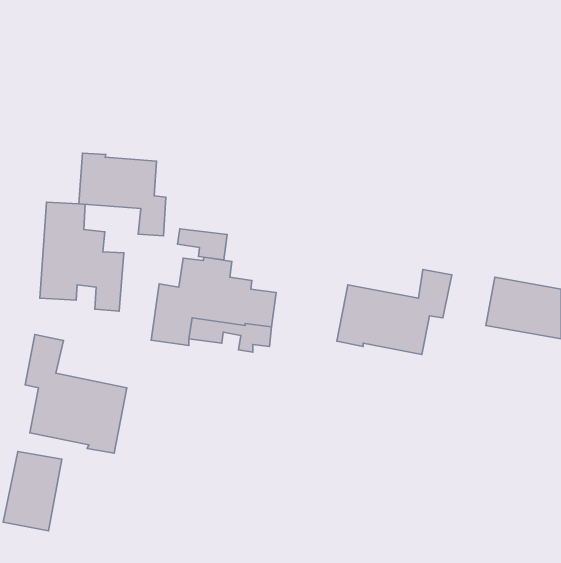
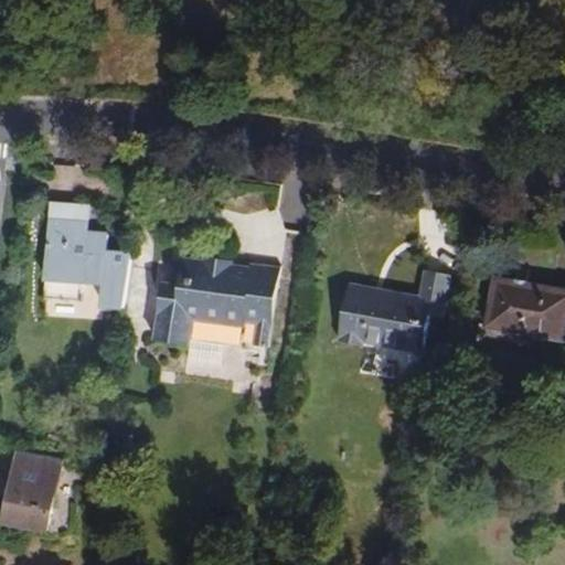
building: [79,153,166,236] -> none
building: [178,229,227,260] -> [230,262,279,292]
building: [25,335,127,453] -> none

